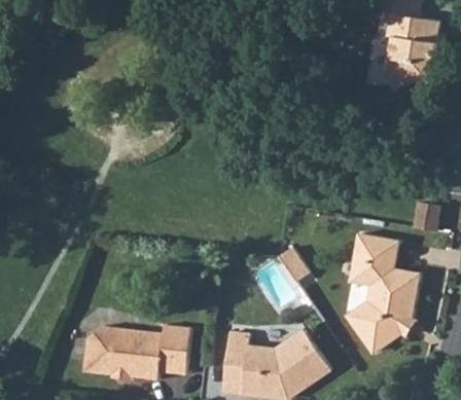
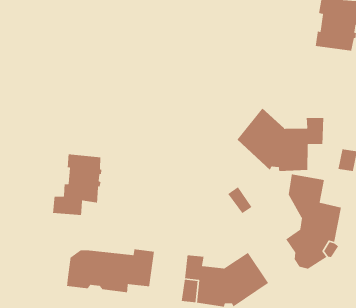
building: none -> [237,108,324,172]
building: none -> [52,154,102,216]

